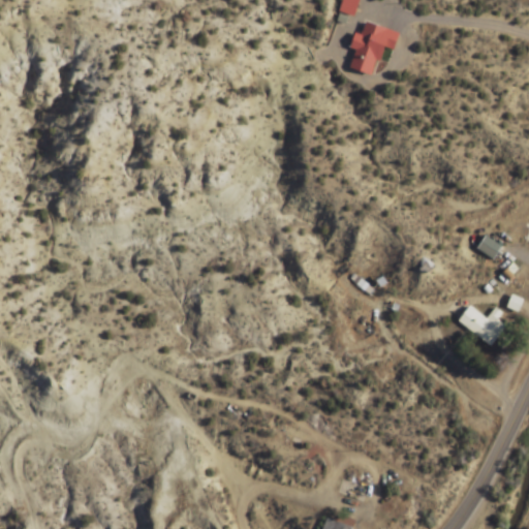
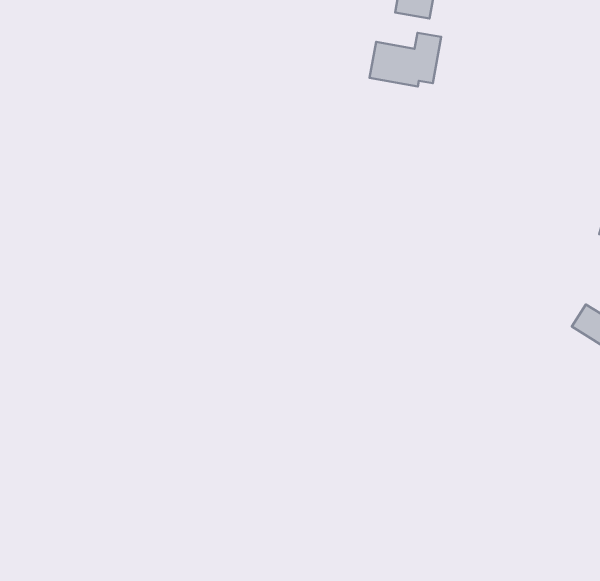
building: none -> [369,33,441,86]

